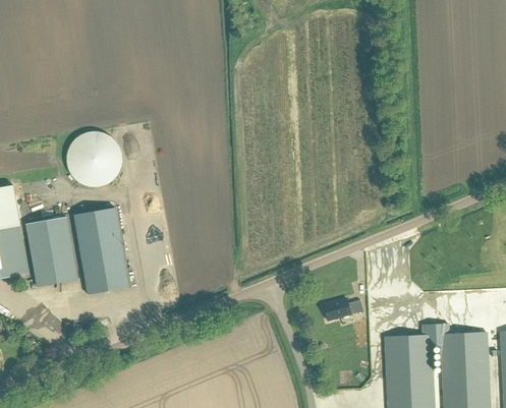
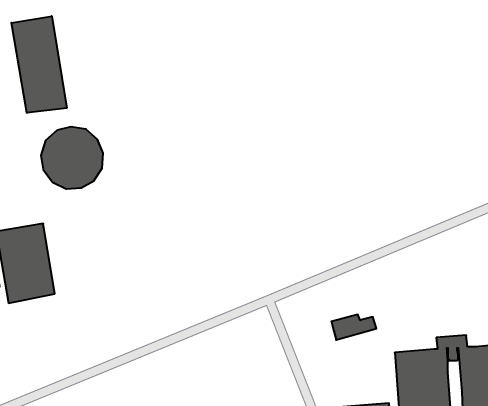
building: none -> [11,16,67,113]
building: [75,210,131,296] -> none

